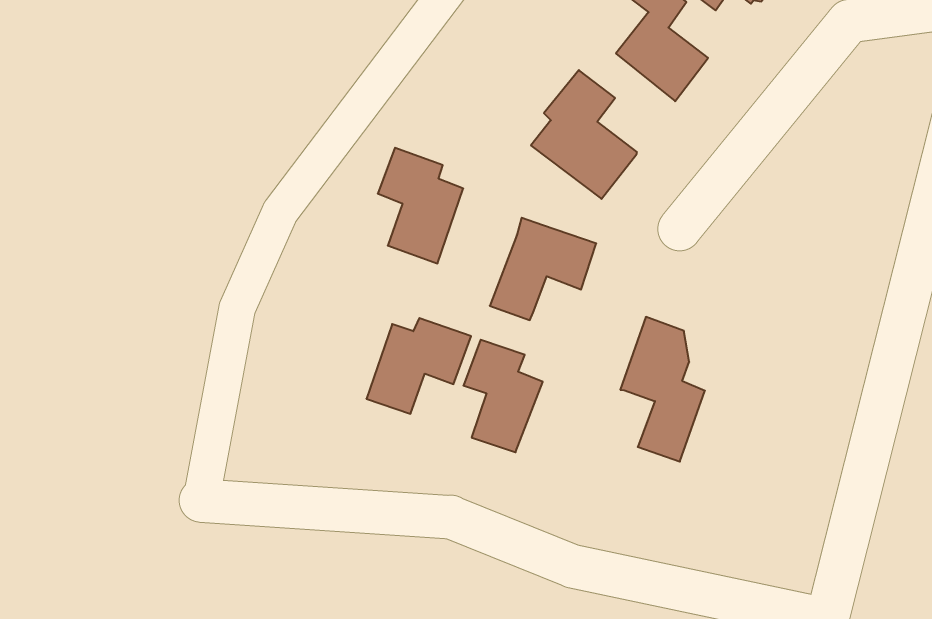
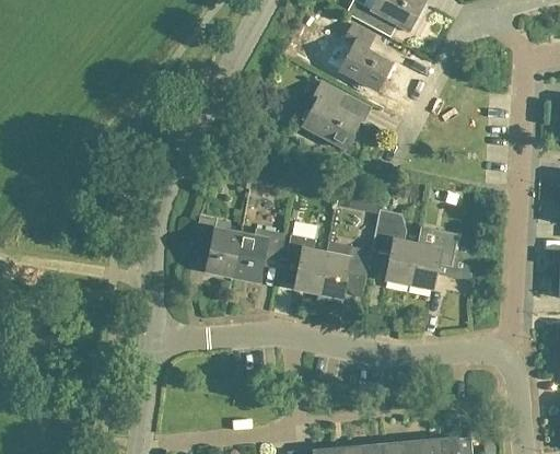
building: [378,148,463,263] -> [196,218,242,277]
building: [490,218,596,320] -> [319,243,372,298]
building: none -> [409,229,457,290]

